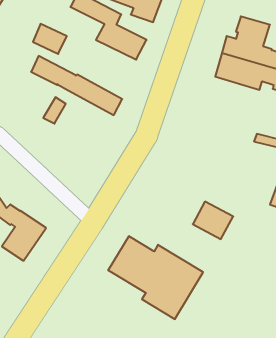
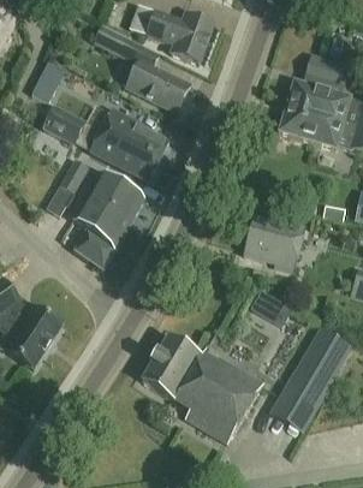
building: none -> [101,109,168,161]
building: none -> [71,173,142,270]
building: none -> [242,216,304,270]
building: none -> [273,331,350,429]

